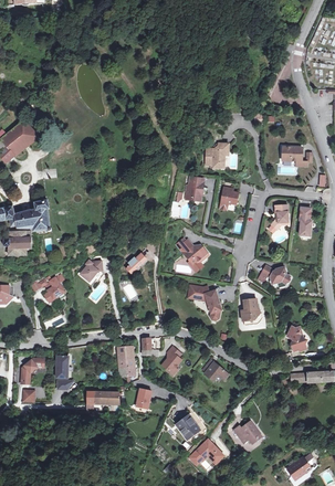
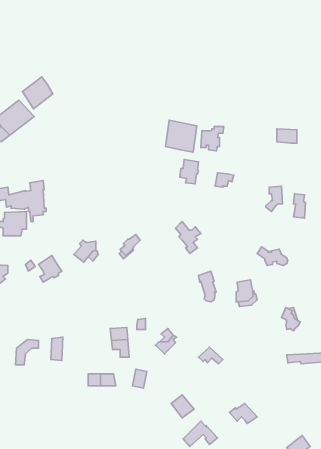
building: none -> [22,77,53,109]
building: none -> [165,120,197,152]

